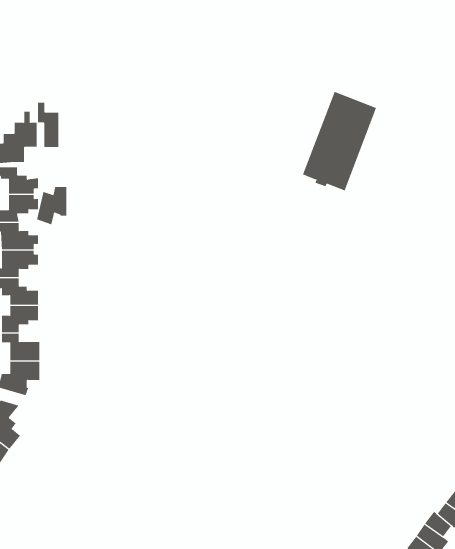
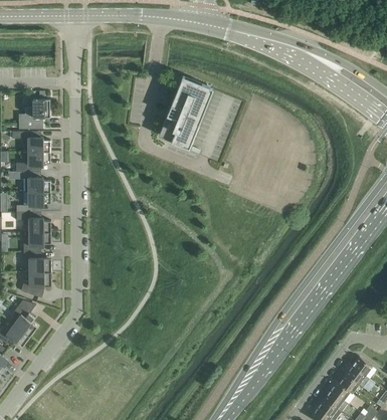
building: [302,91,377,191] -> [158,75,212,148]
building: [37,102,59,148] -> none
building: [36,186,67,225] -> none

